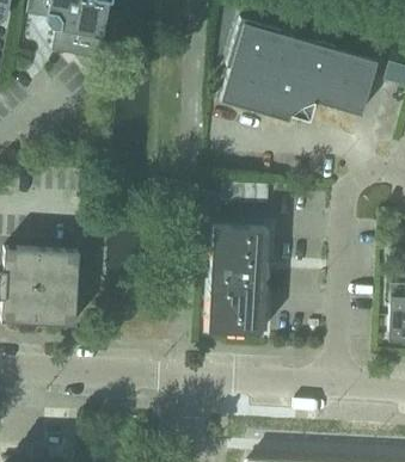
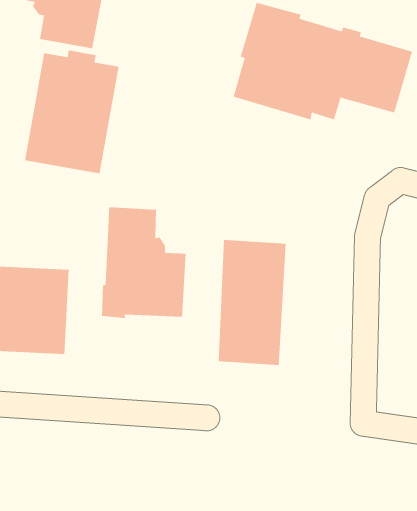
building: none -> [24,50,119,174]
building: none -> [101,207,186,319]

